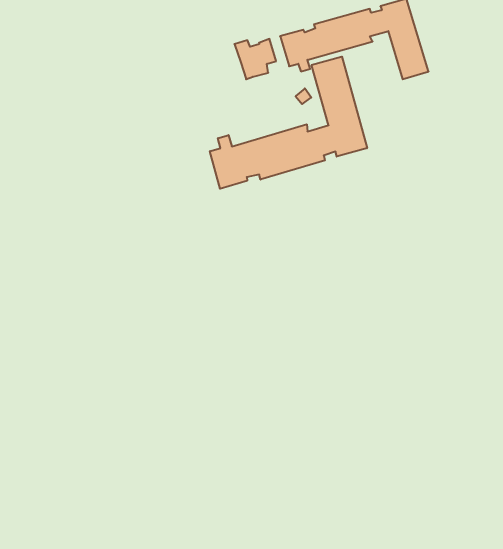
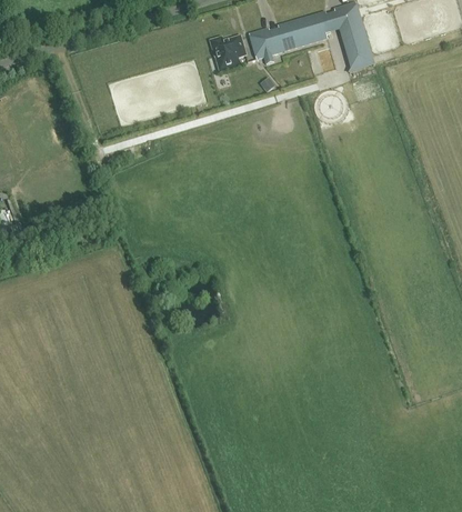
building: [210,57,367,189] -> none

